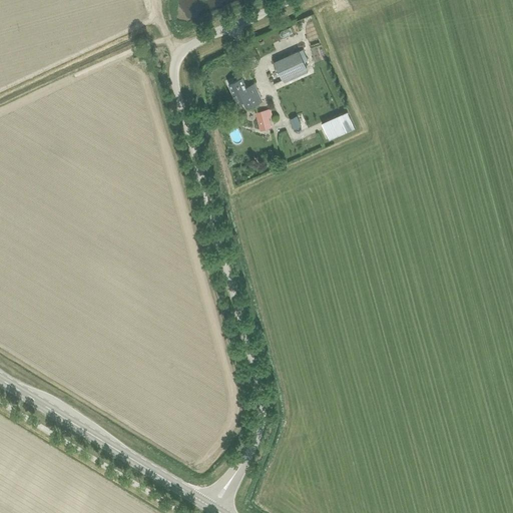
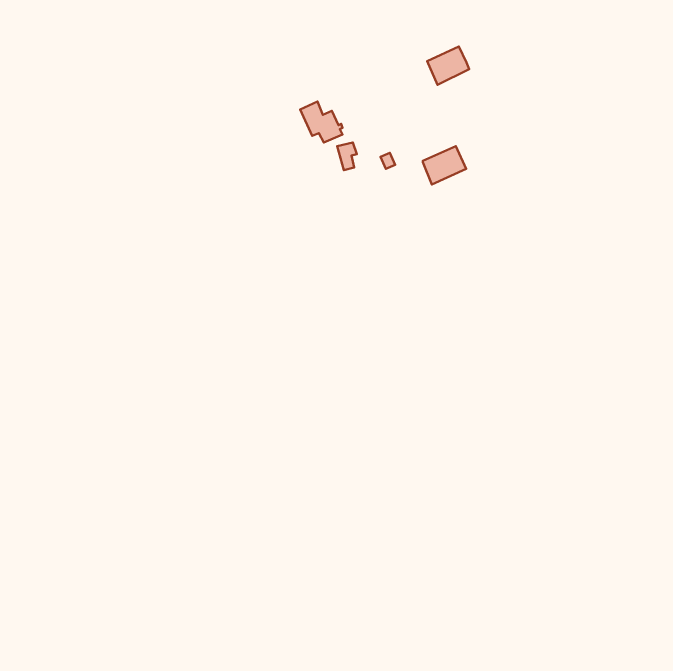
building: [275,52,307,81] -> [427,47,469,85]

